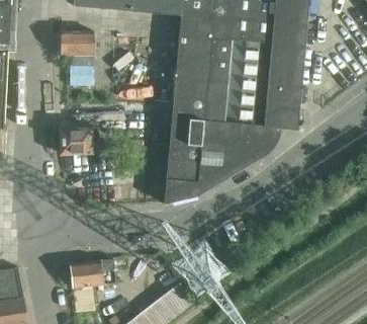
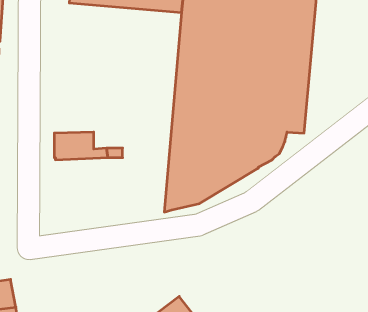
building: [60,30,94,56] -> none
building: [70,258,115,288] -> none

